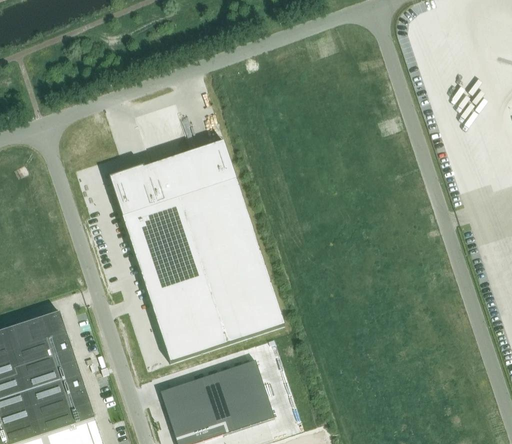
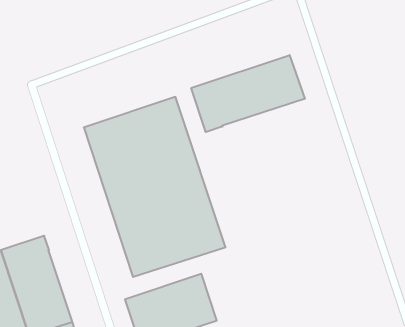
building: none -> [191,55,305,132]

